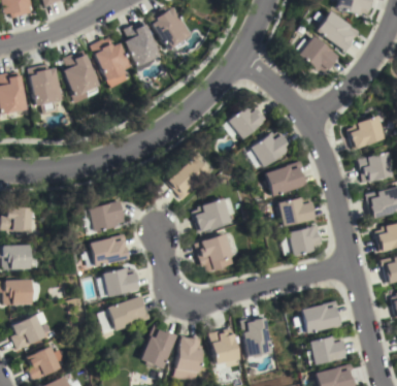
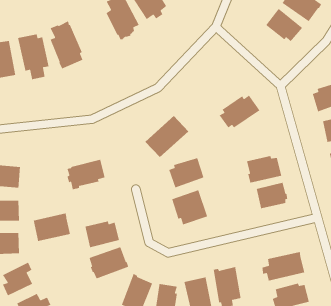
building: [92,37,132,88] -> none
building: [228,99,268,139] -> none
building: [261,161,307,196] -> none
building: [89,234,130,266] -> [33,213,71,242]

